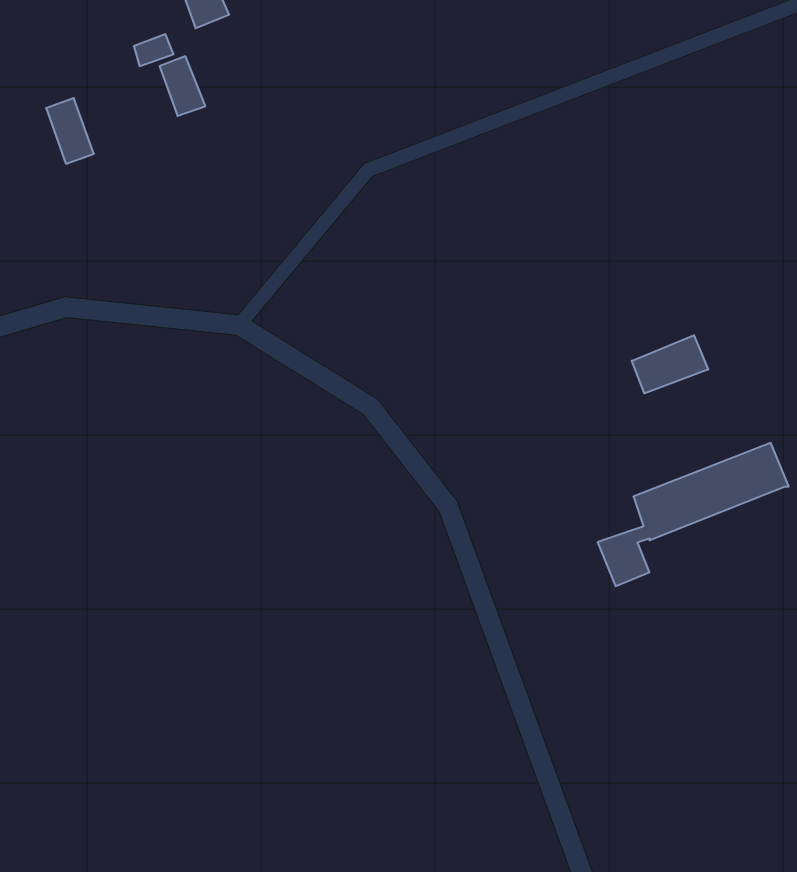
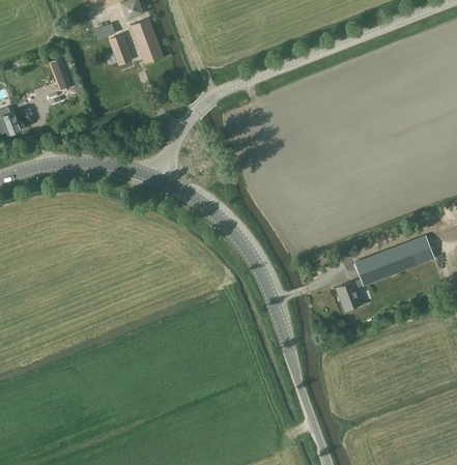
building: none -> [131,18,163,63]
building: [632,335,708,393] -> none

